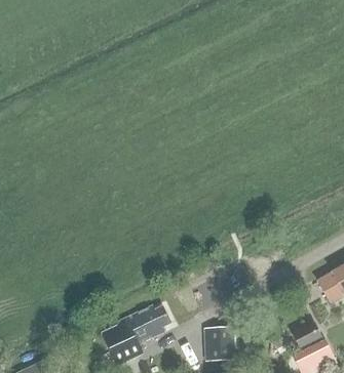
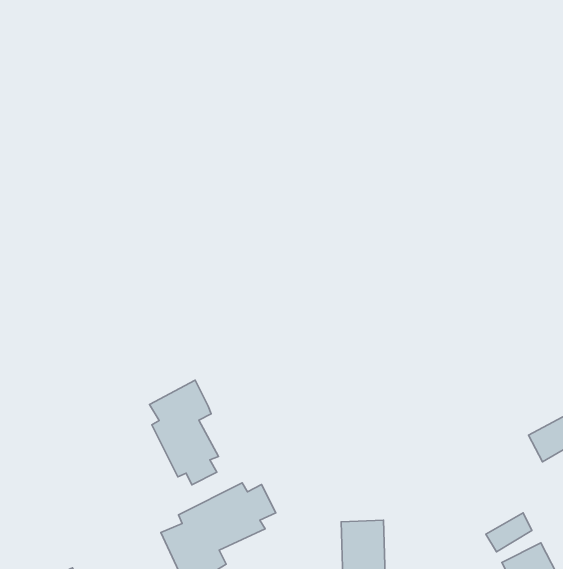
building: none -> [150,380,218,485]

